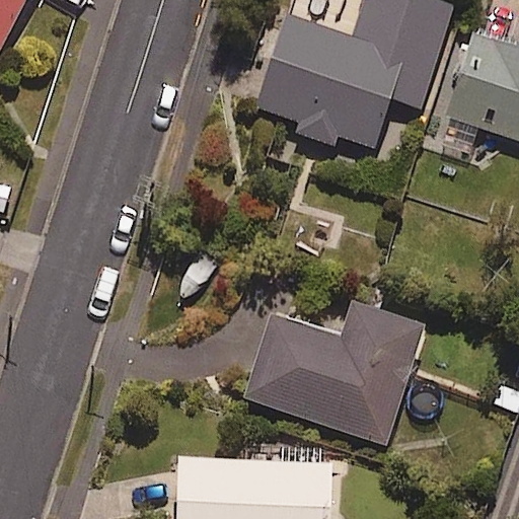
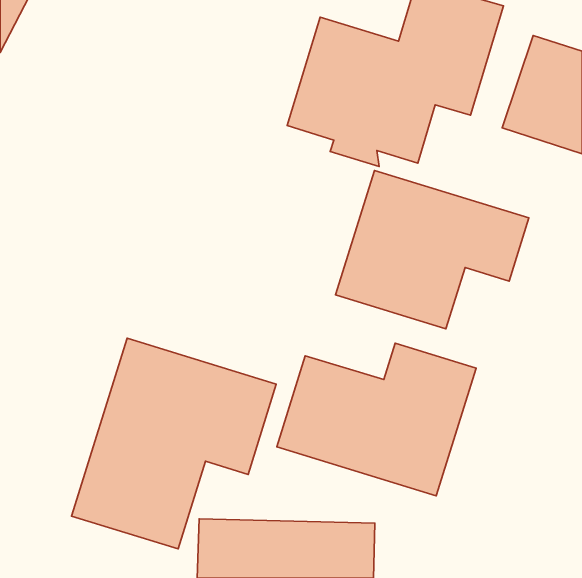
building: none -> [336,170,529,329]
building: none -> [72,338,276,549]

